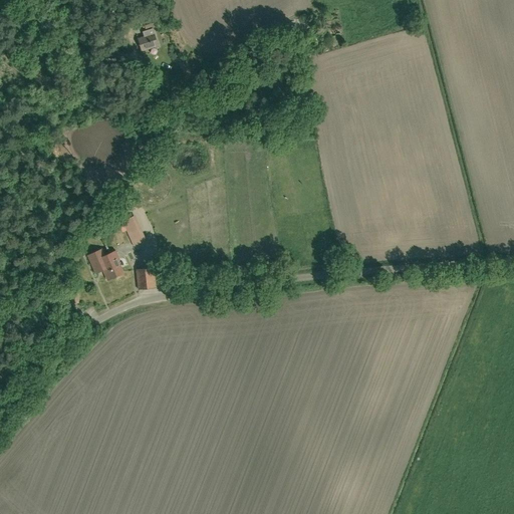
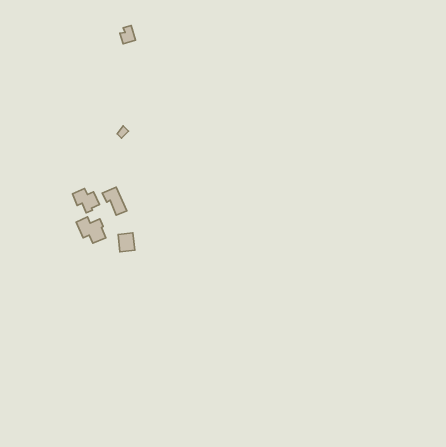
building: none -> [72,188,100,213]

